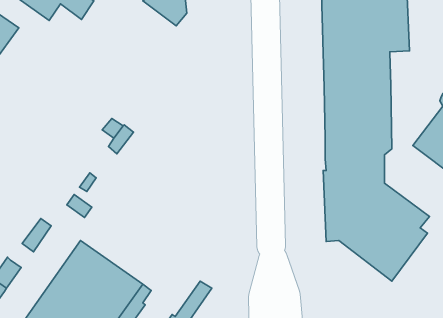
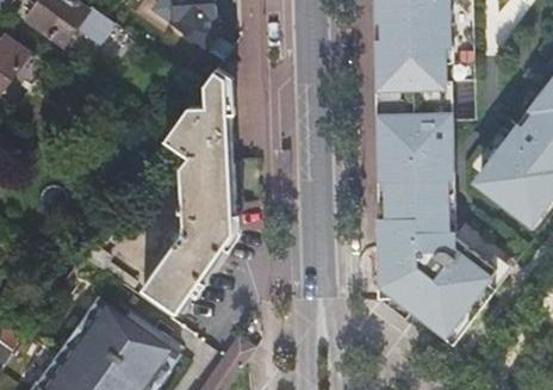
building: none -> [139,70,236,315]

